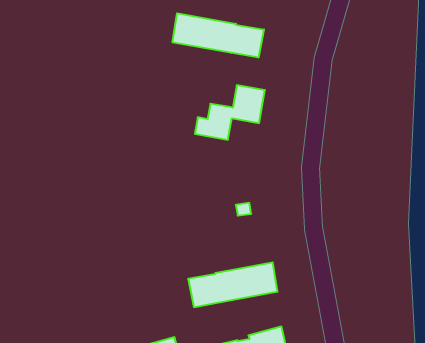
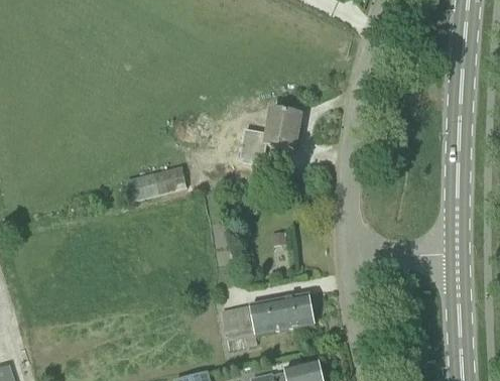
building: [173,13,264,58] -> none
building: none -> [129,164,189,200]

